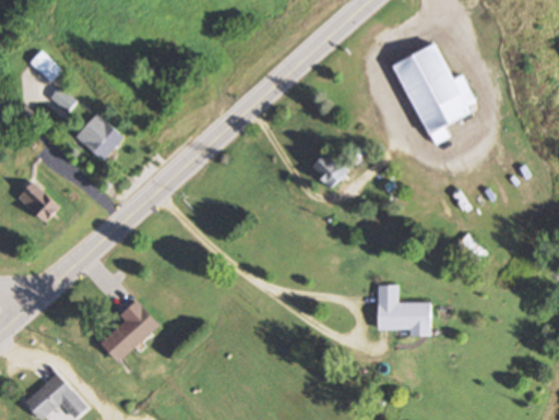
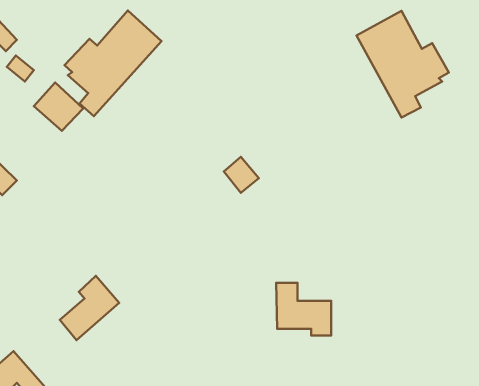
building: none -> [65,11,162,116]
building: [312,153,346,188] -> [224,157,259,193]
building: [377,285,430,336] -> [276,283,331,336]

